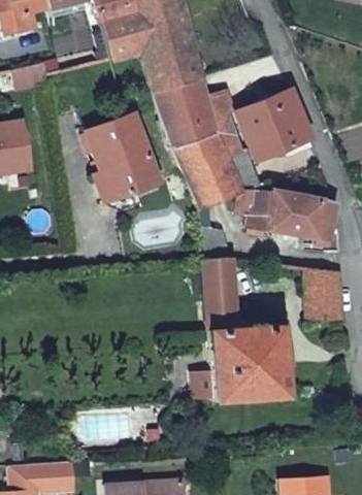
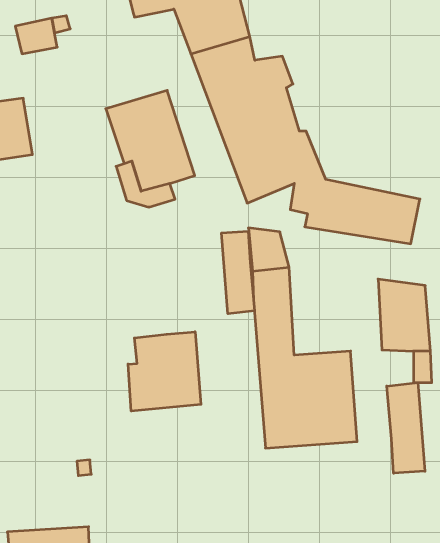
building: [235,90,308,158] -> none
building: none -> [222,231,255,314]
building: none -> [128,332,201,411]
building: none -> [387,383,425,473]

